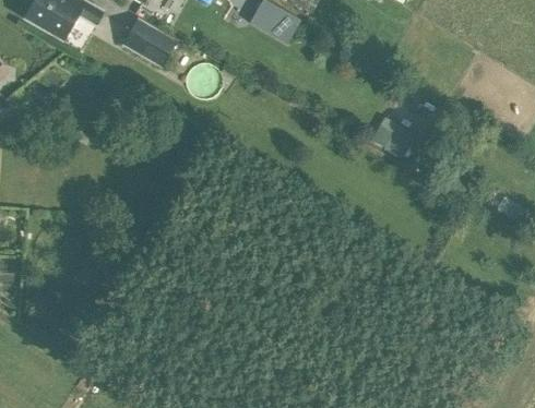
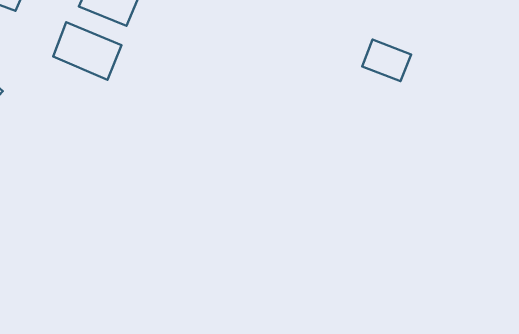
building: none -> [53,22,122,80]

